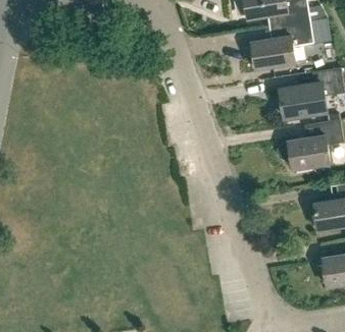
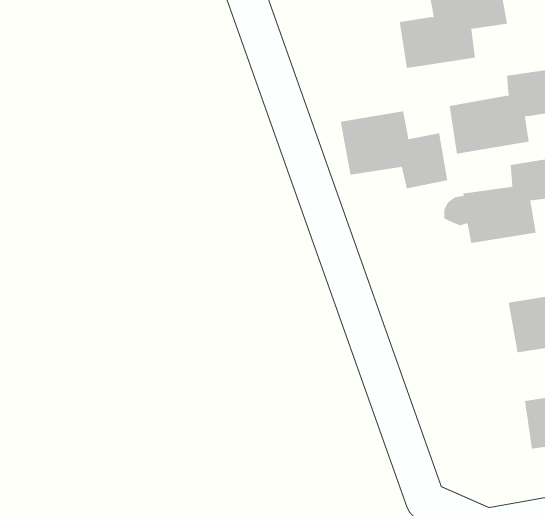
building: none -> [340,110,448,189]

